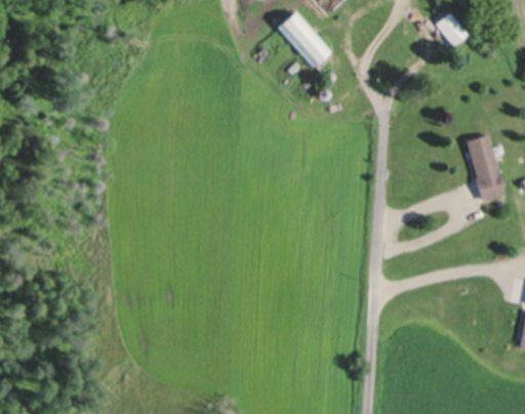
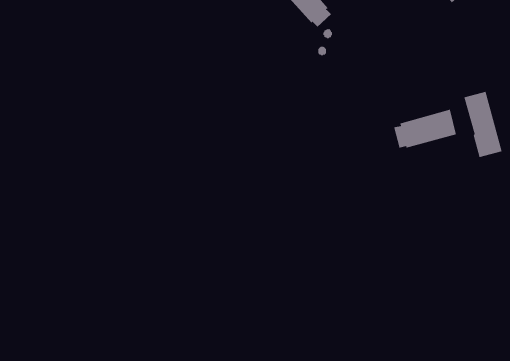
building: none -> [394,109,457,149]

